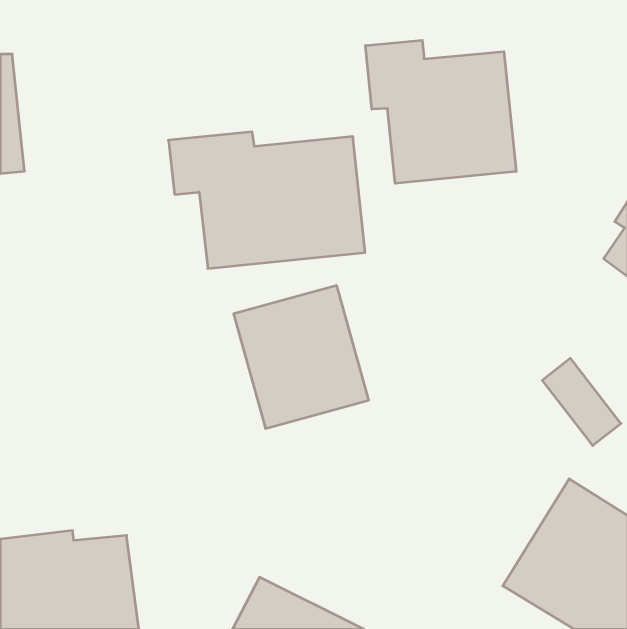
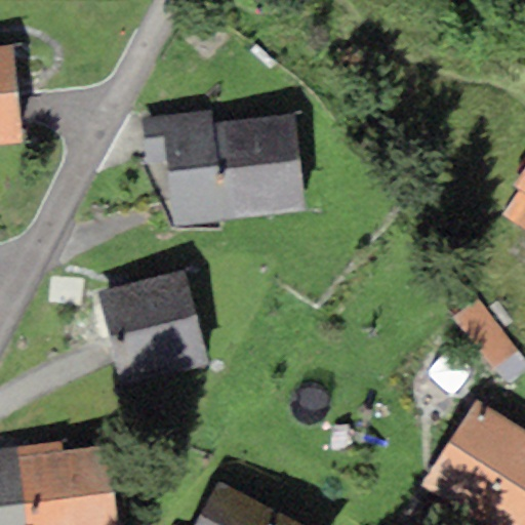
building: [366,40,516,183] -> none
building: [234,286,369,428] -> [97,270,210,389]

